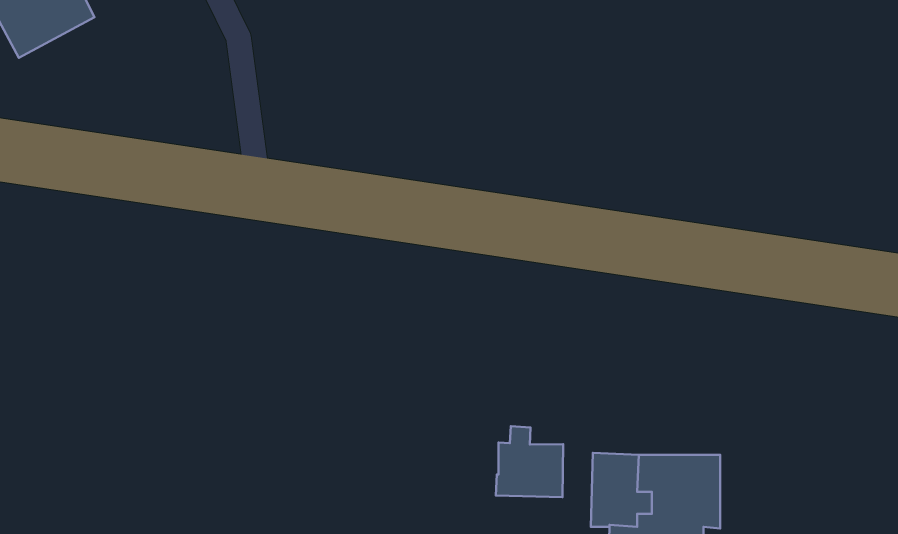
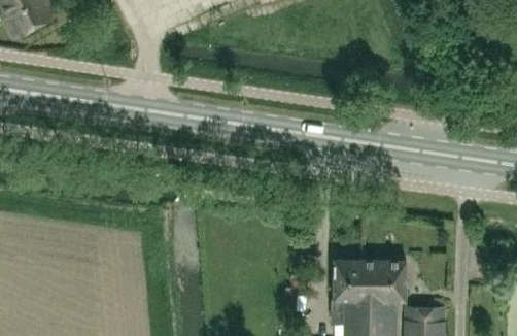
building: [496,426,563,497] -> none

